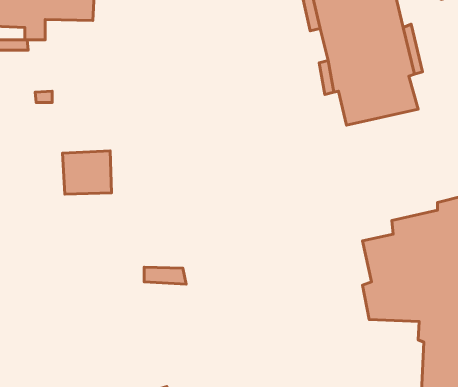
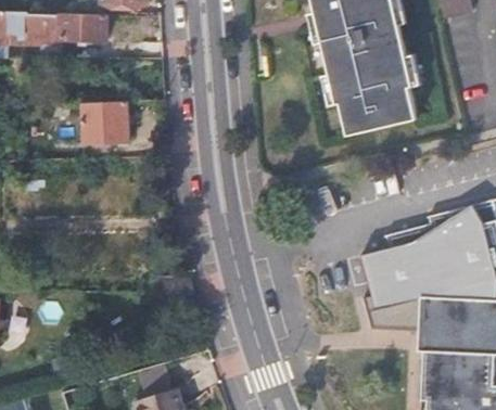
building: [62,151,111,194] -> [82,104,129,145]

